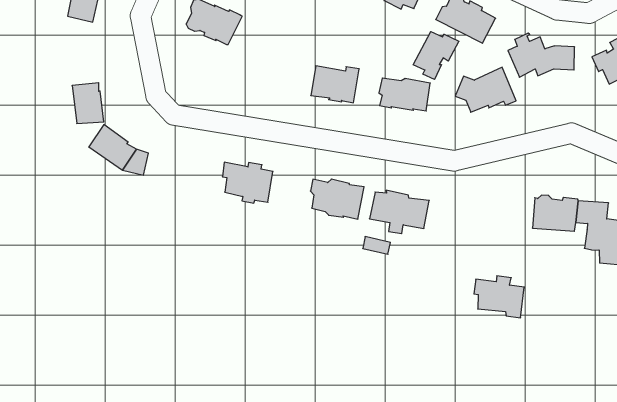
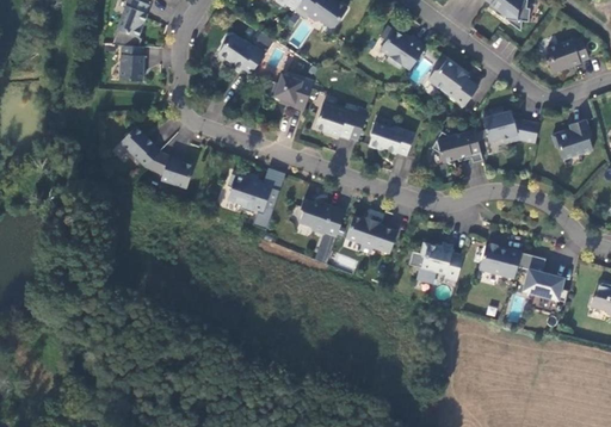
building: [413,32,459,79] -> none
building: none -> [269,74,313,111]
building: [72,83,104,123] -> [122,45,146,80]
building: none -> [160,154,193,186]
building: [474,276,524,318] -> [420,241,463,279]

